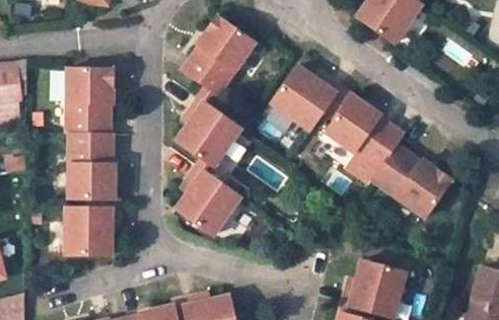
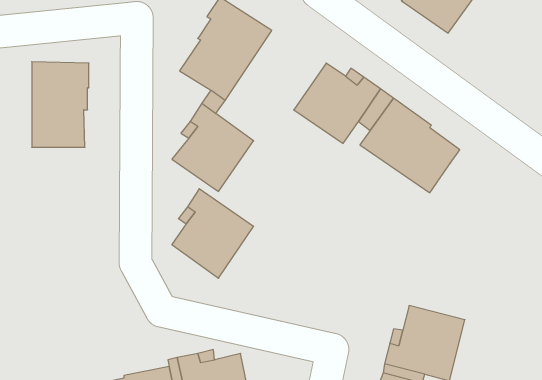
building: [69,133,114,198] -> none
building: [371,145,451,217] -> none
building: [67,205,119,254] -> none

